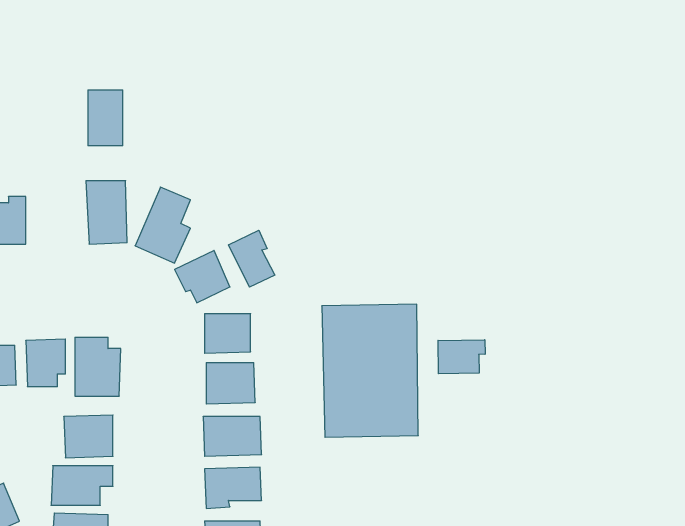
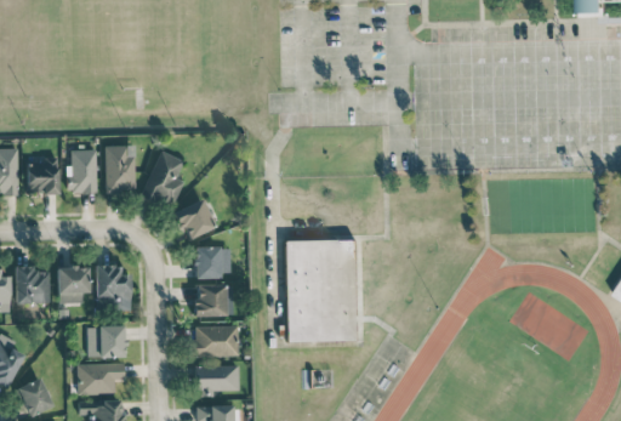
building: [88,90,123,146] -> [70,150,97,193]
building: [229,230,275,287] -> none
building: [438,340,485,374] -> none

